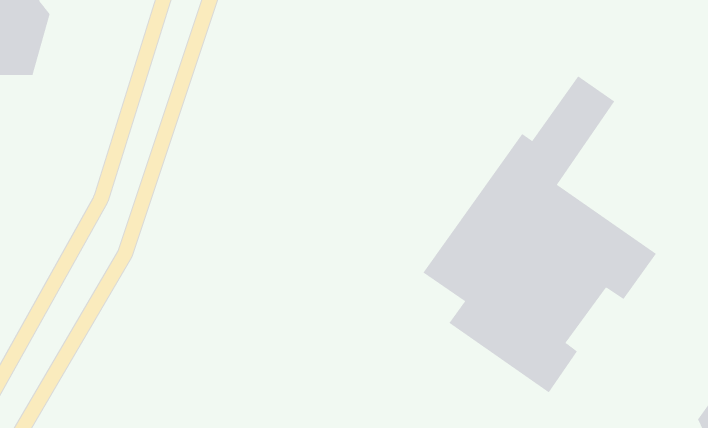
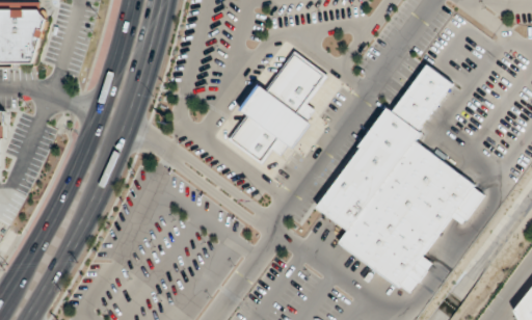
building: none -> [230,53,325,164]

